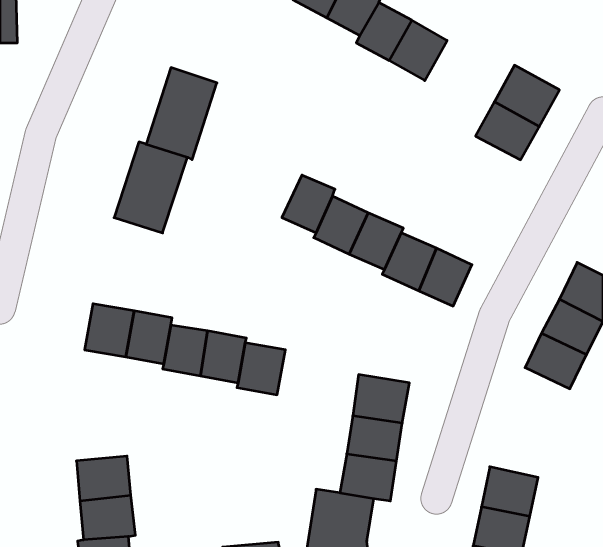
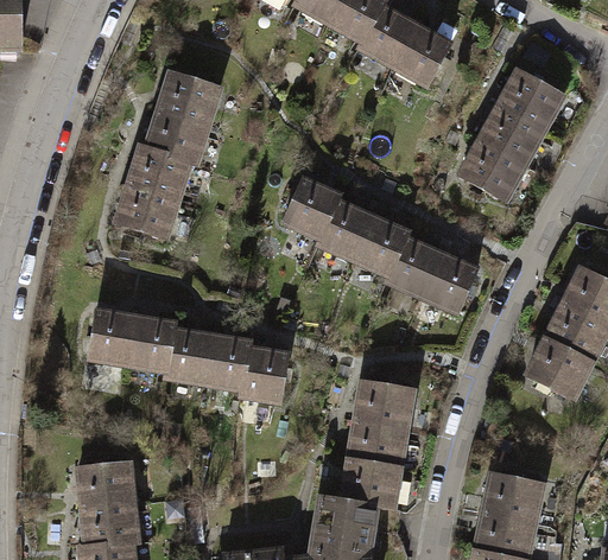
building: none -> [460,140,524,199]

